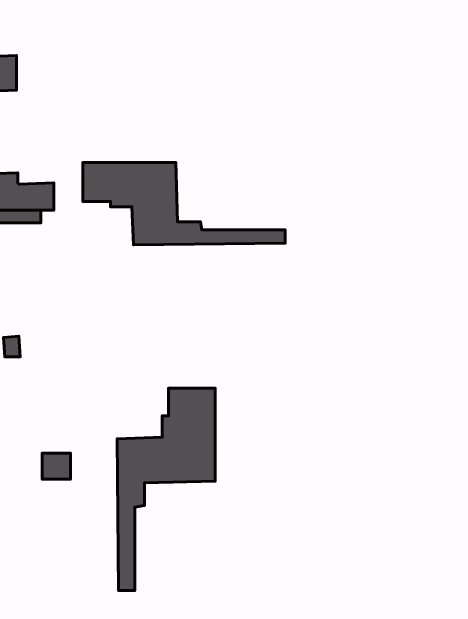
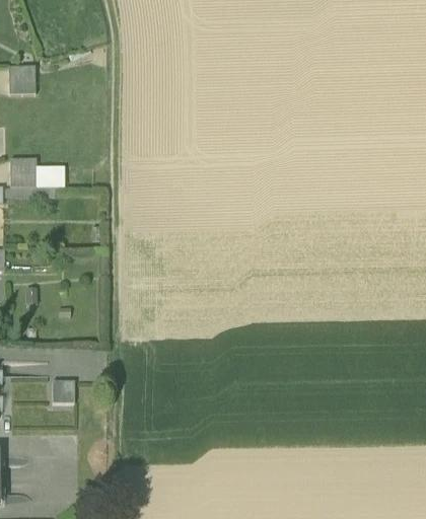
building: [83,163,285,245] -> none
building: [117,388,215,590] -> none

